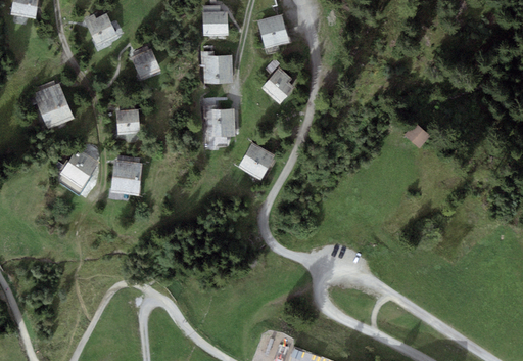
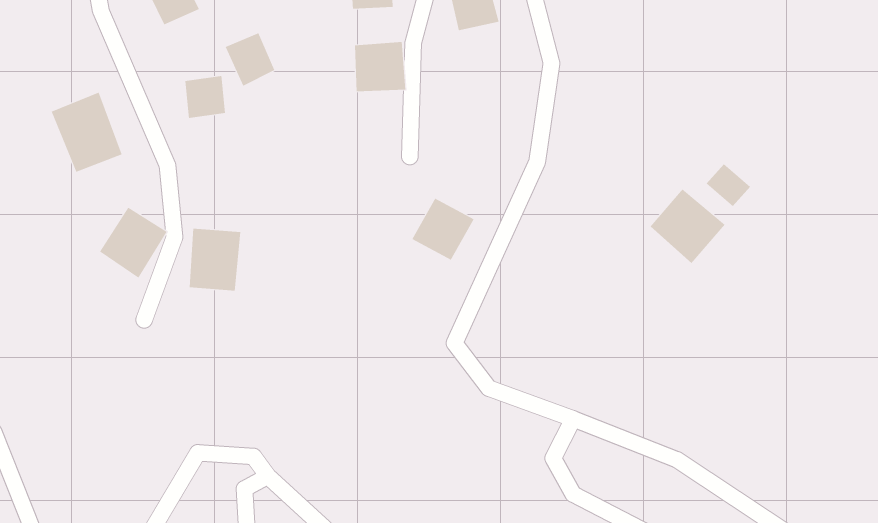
building: [262,67,294,103] -> none
building: [209,107,234,136] -> none
building: [116,108,140,133] -> [185,75,226,119]
building: none -> [650,189,726,264]

